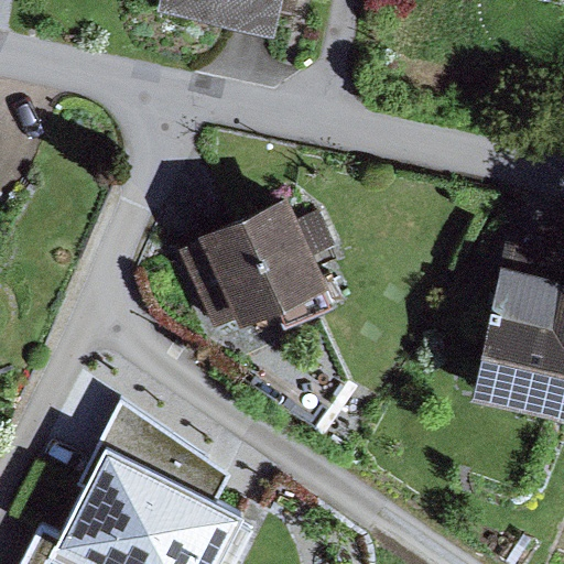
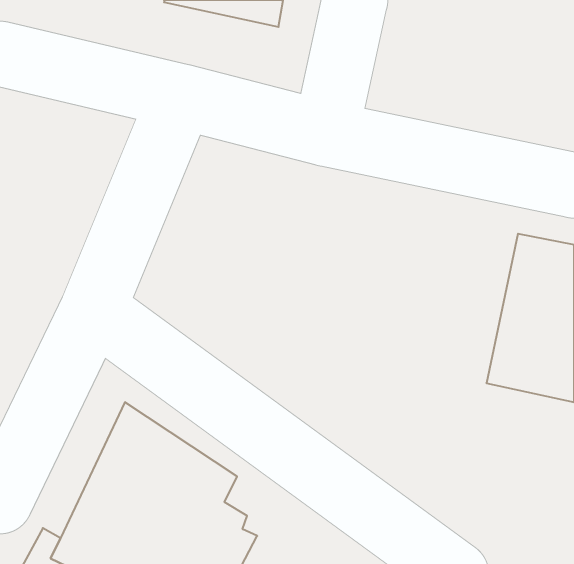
building: [178,194,341,338] -> none

